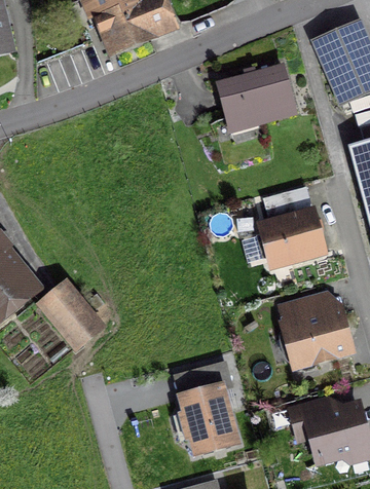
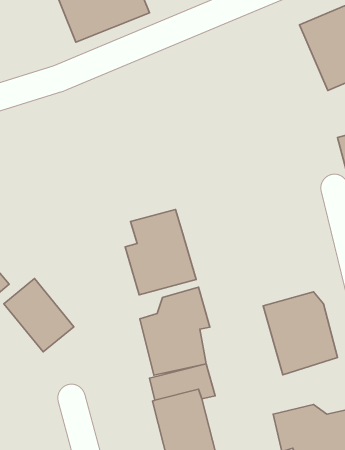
building: [218,67,294,128] -> none
building: [258,187,325,267] -> [125,210,196,295]
building: none -> [140,287,210,375]

